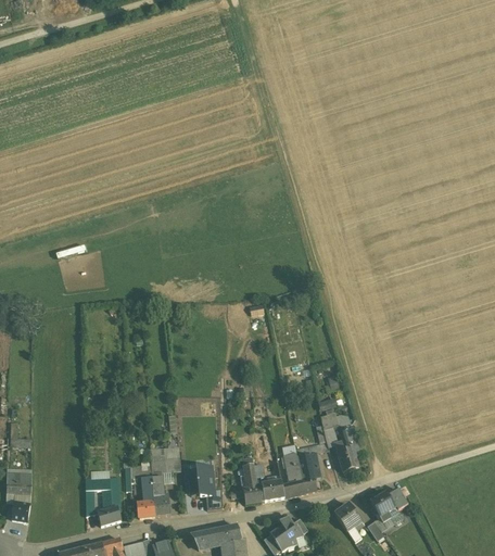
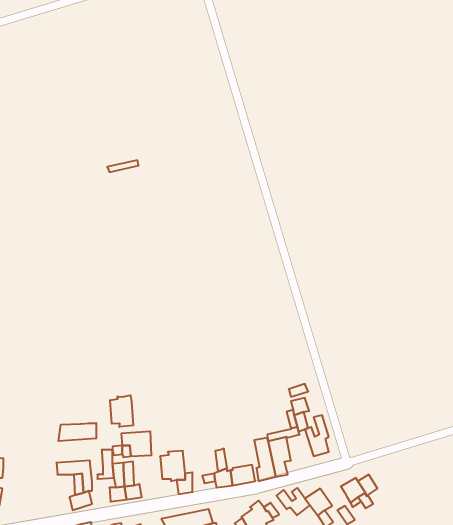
building: none -> [110,395,133,427]
building: none -> [58,423,96,441]
building: none -> [276,488,310,515]

